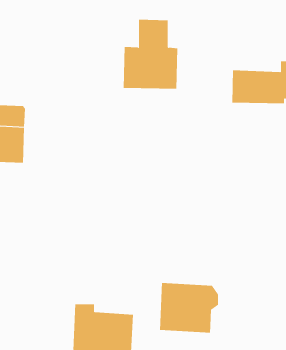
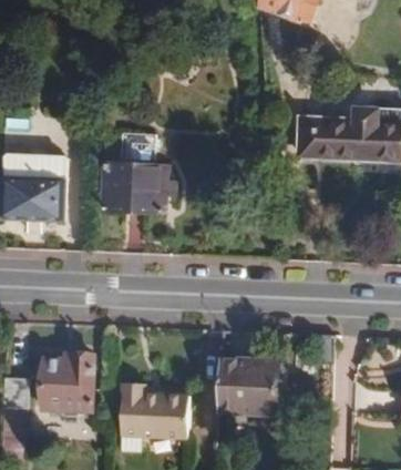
building: [123,19,178,89] -> [103,133,166,213]
building: none -> [42,356,93,412]

